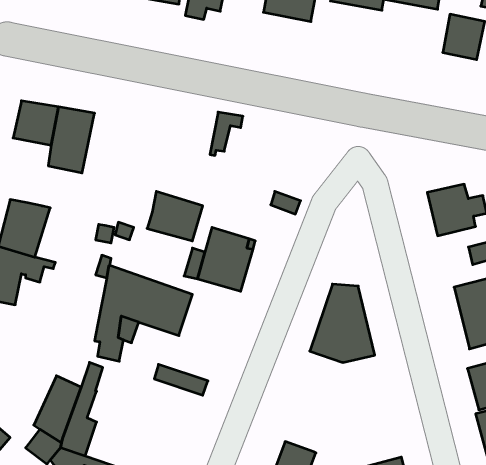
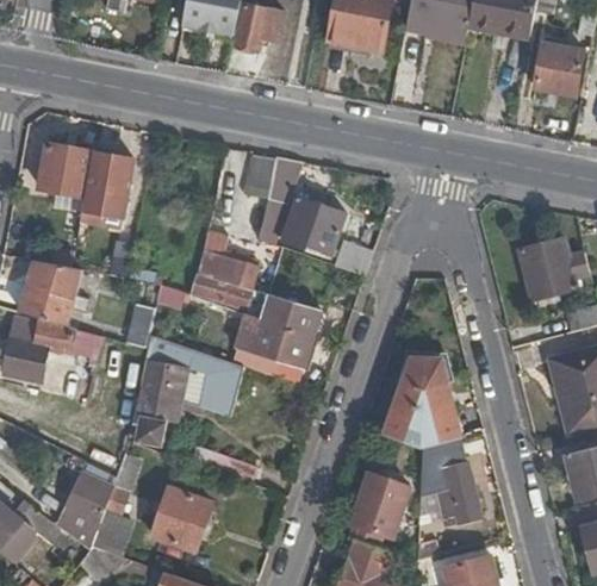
building: none -> [284,199,346,256]
building: none -> [419,440,479,525]
building: none -> [350,475,405,551]
building: none -> [153,488,212,550]

